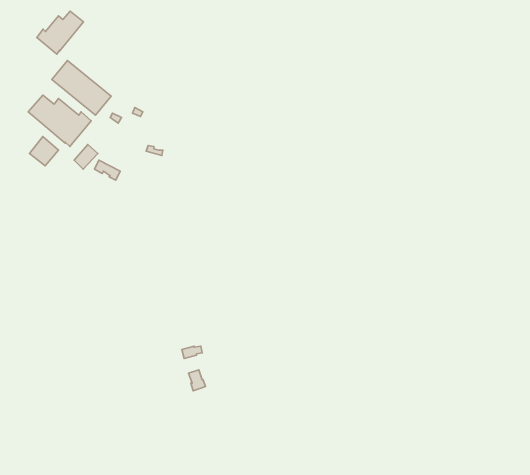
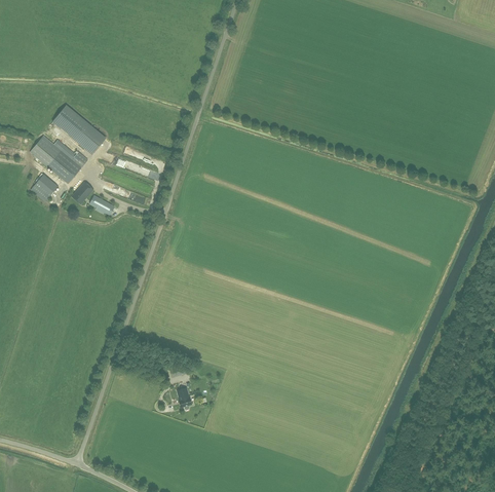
building: [37,11,84,54] -> none

